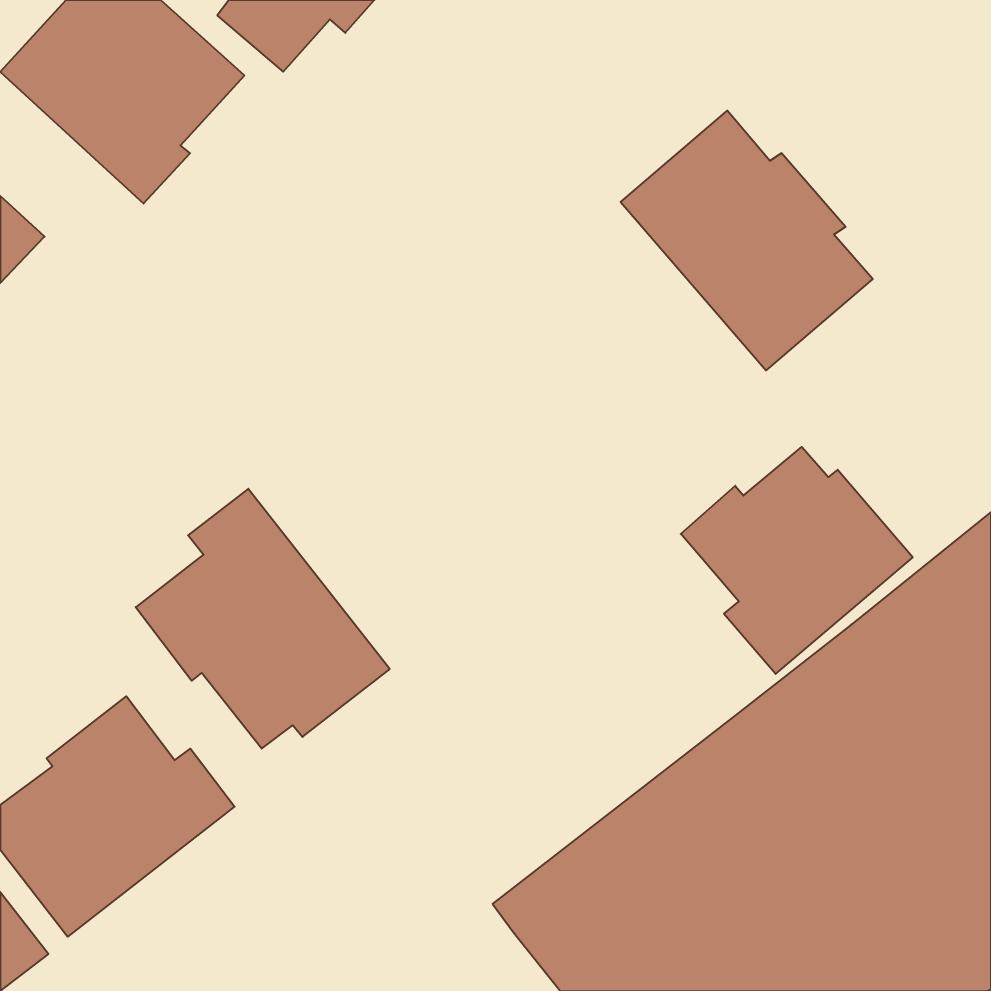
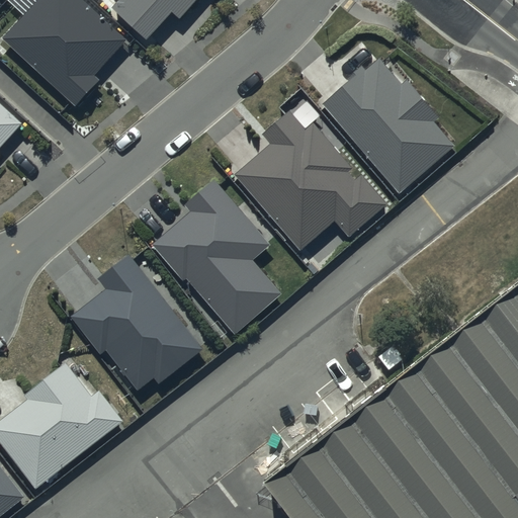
building: none -> [235,111,390,252]
building: none -> [152,180,282,335]
building: [681,447,913,674] -> none

